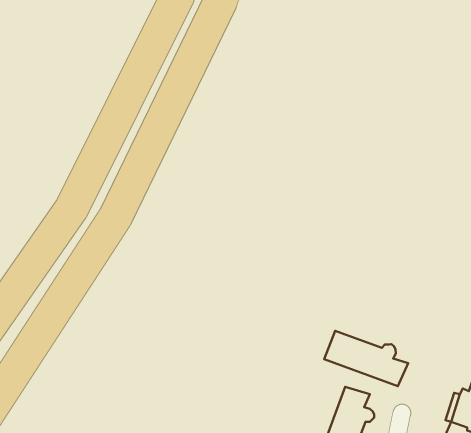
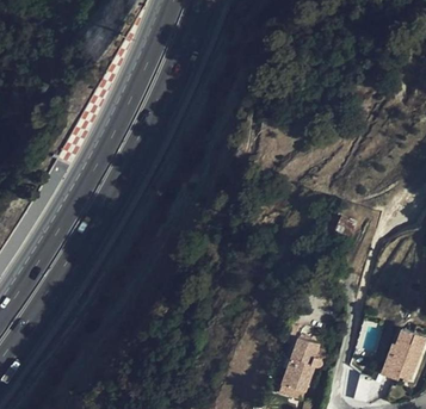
building: [324,331,408,386] -> none

